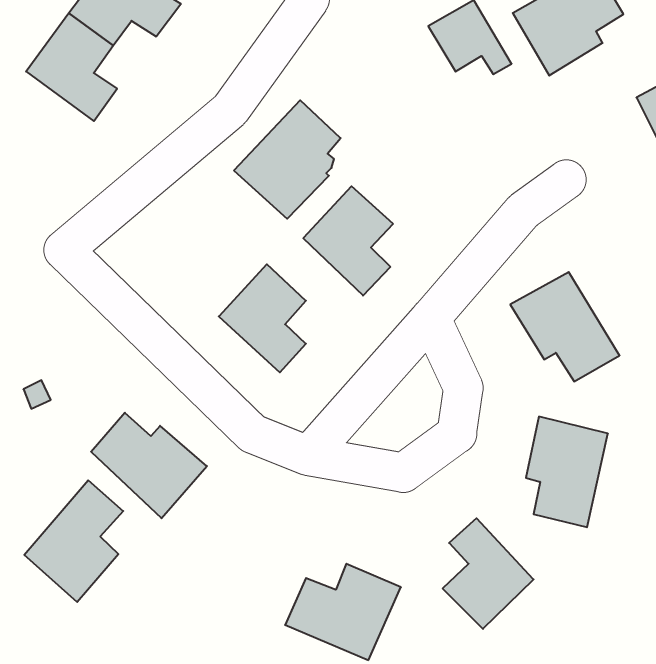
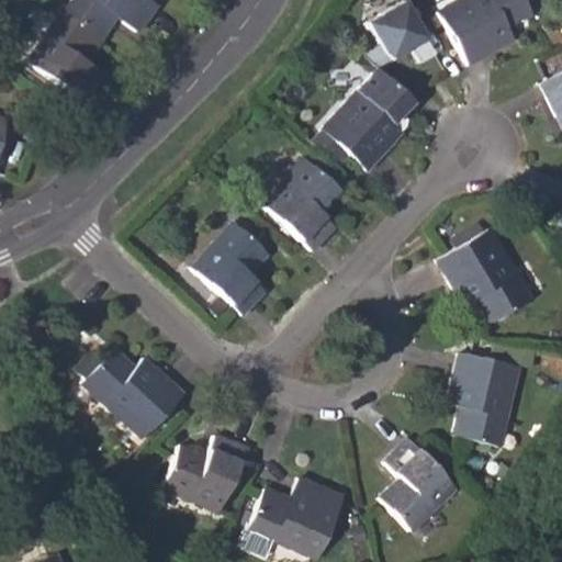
building: [234,100,341,219] -> [324,68,414,168]
building: [24,480,123,602] -> none
building: none -> [160,435,248,510]

